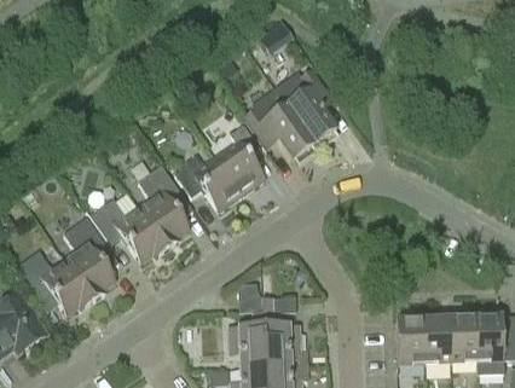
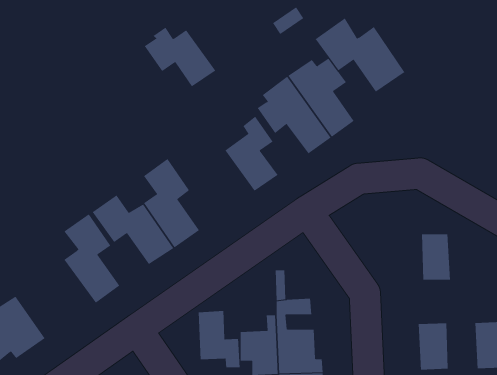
building: none -> [315,18,405,92]
building: [175,155,243,212] -> [144,27,216,87]
building: [17,250,94,318] -> none
building: none -> [198,310,240,368]
building: [424,319,452,363] -> [421,234,451,280]

